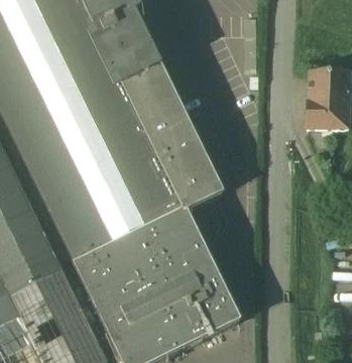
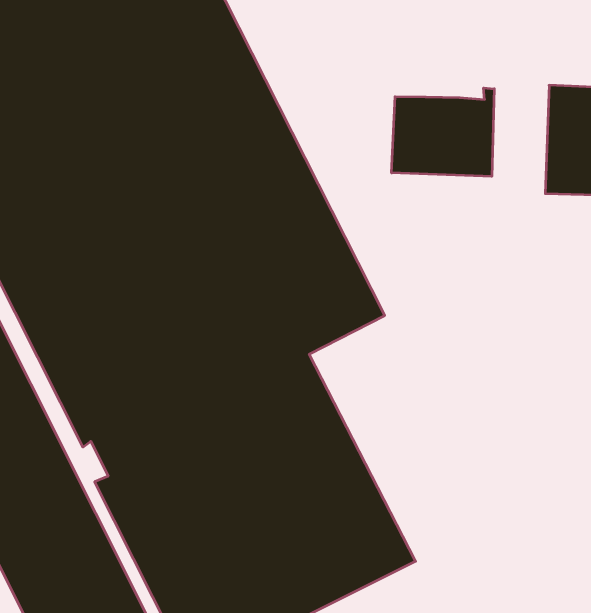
building: none -> [392,88,494,176]

